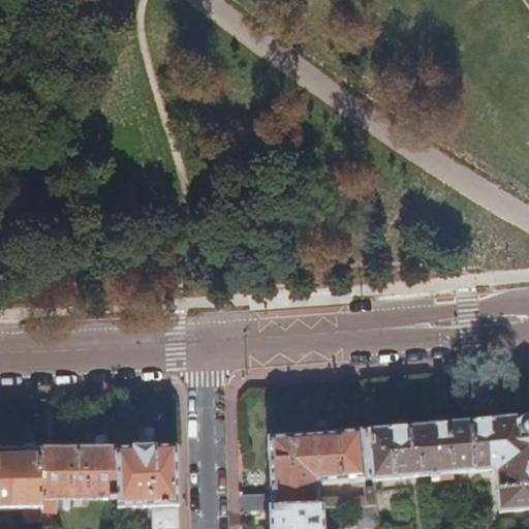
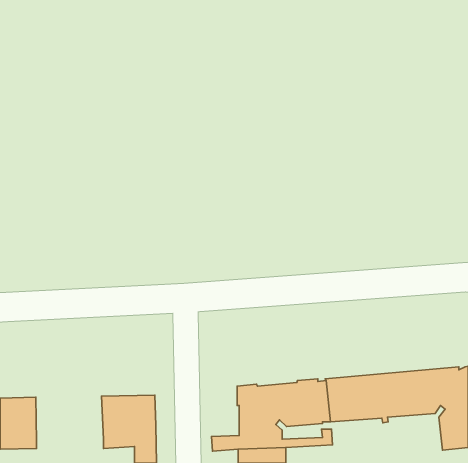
building: [40,447,117,498] -> none

